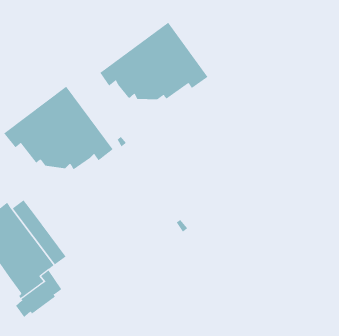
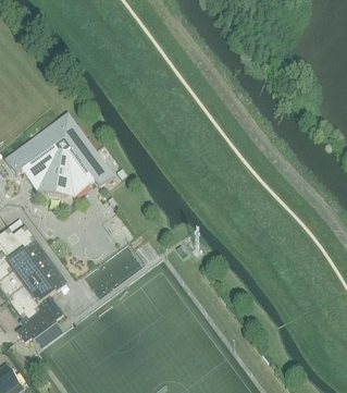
building: [99,22,209,100] -> none

